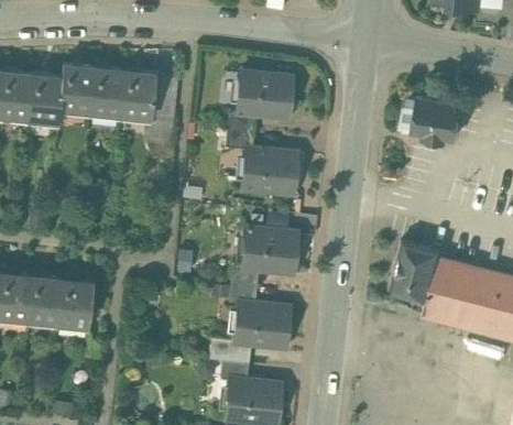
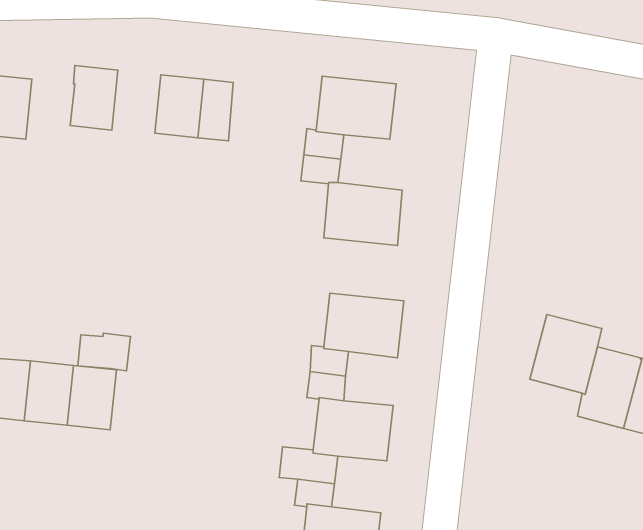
building: [89,68,124,113] -> none
building: [28,75,63,121] -> none
building: [403,98,461,145] -> none
building: none -> [78,333,130,371]

